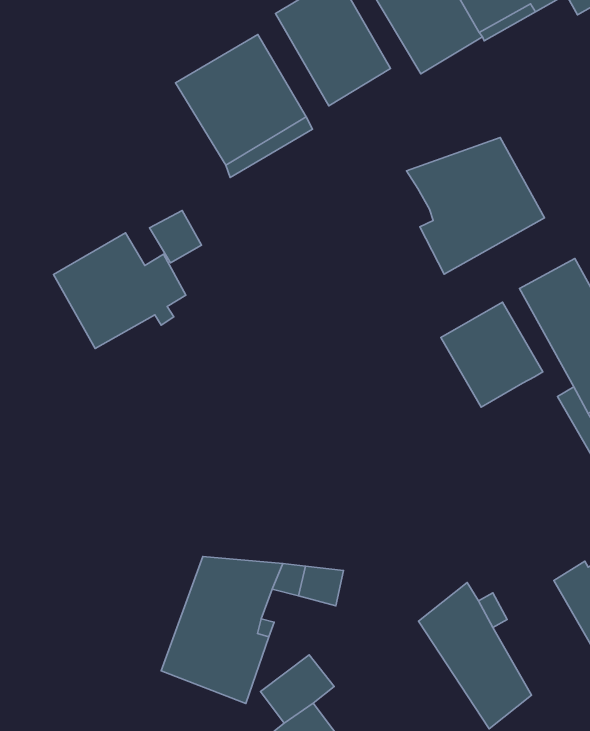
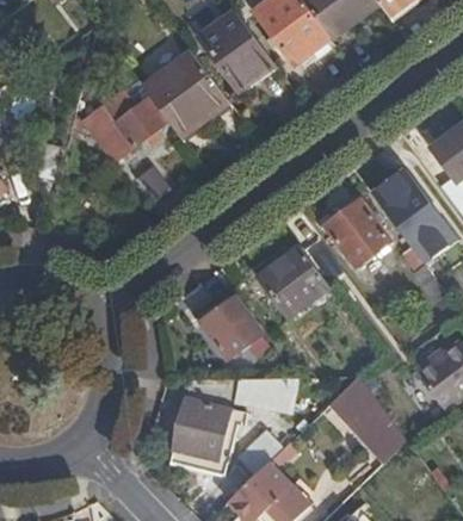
building: [406,137,544,274] -> none
building: [54,233,186,348] -> [81,87,165,161]
building: none -> [257,246,331,317]
building: none -> [199,297,261,359]

